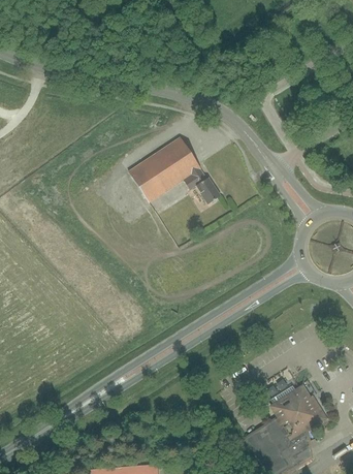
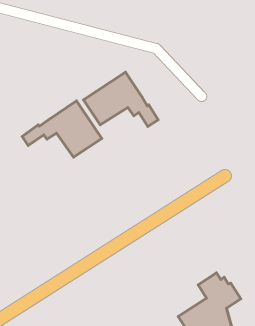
building: none -> [22,101,102,157]

